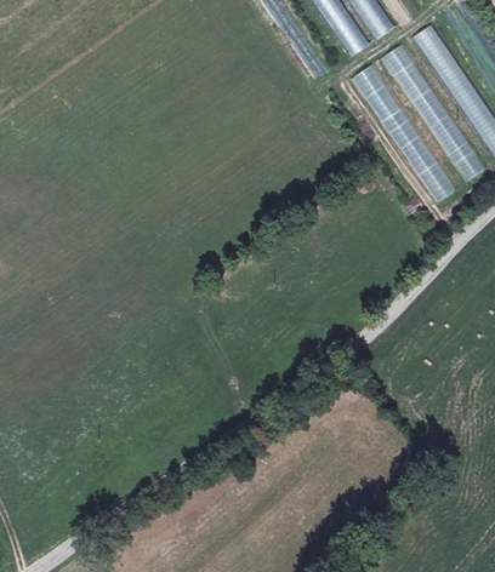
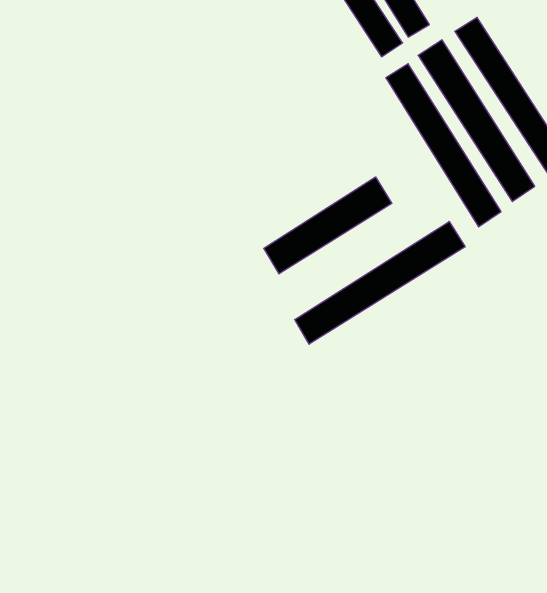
building: none -> [264,177,392,274]
building: none -> [295,221,465,344]

